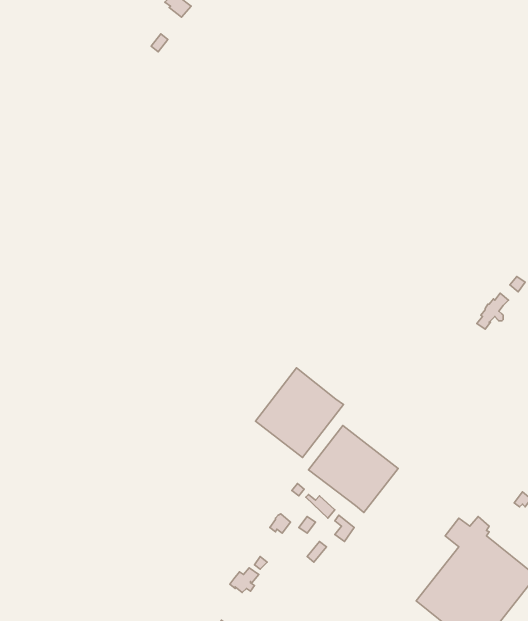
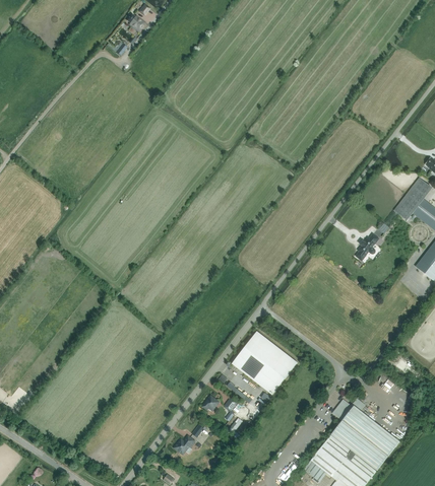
building: [255,368,344,458] -> none

